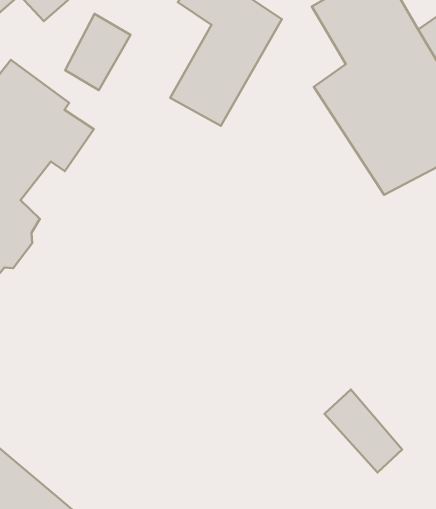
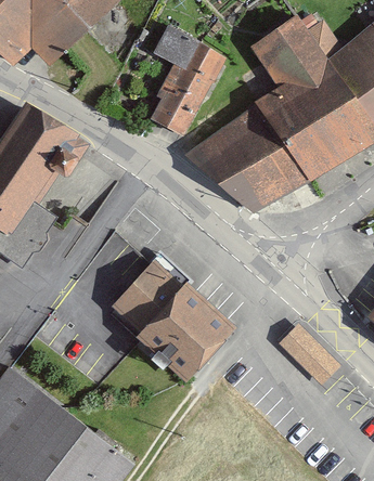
building: [65,14,130,90] -> none
building: none -> [184,104,311,216]
building: none -> [106,255,232,378]

